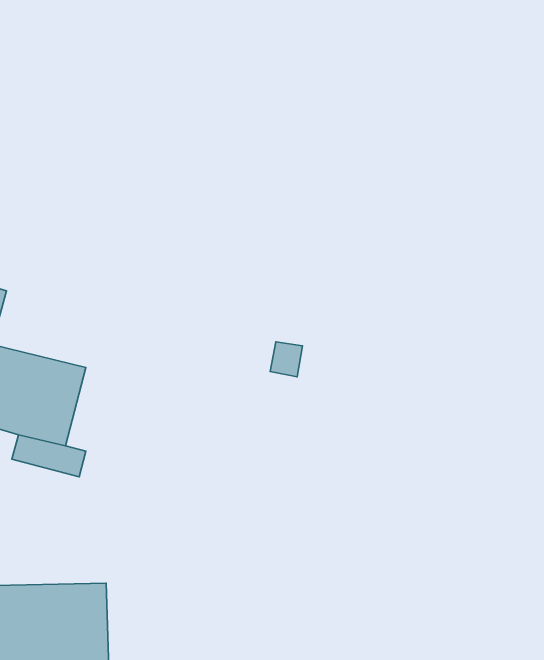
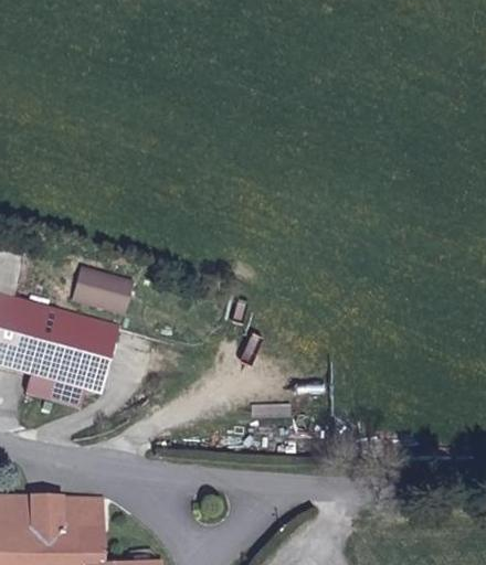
building: none -> [71,267,131,315]
building: none -> [70,317,118,390]

